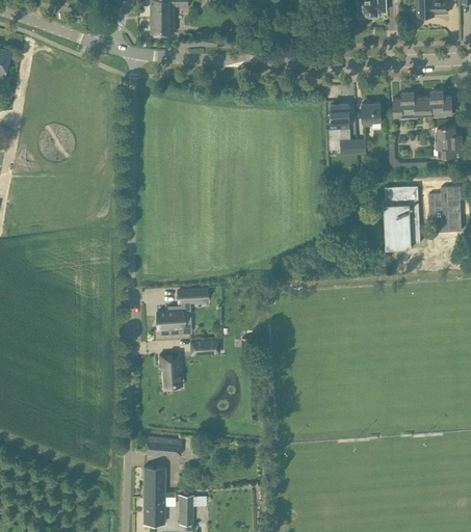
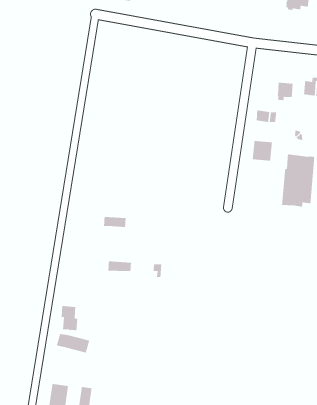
building: [326,104,349,129] -> none
building: none -> [252,140,273,162]
building: [157,305,191,335] -> none
building: [159,353,182,388] -> [61,305,78,334]
building: [143,467,164,497] -> none

